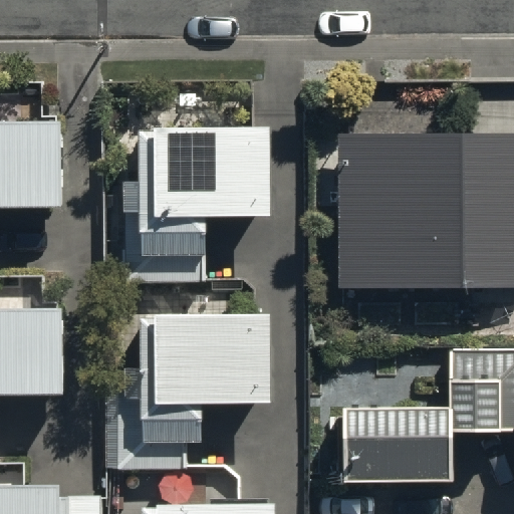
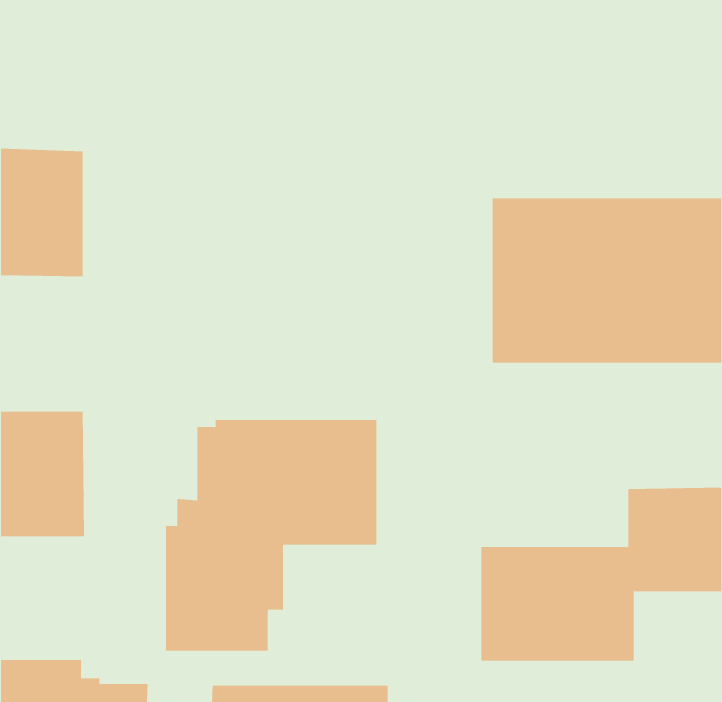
building: [124,117,268,289] -> none

